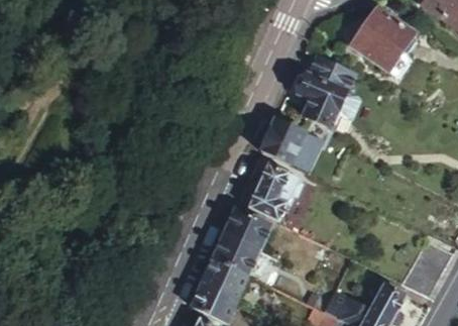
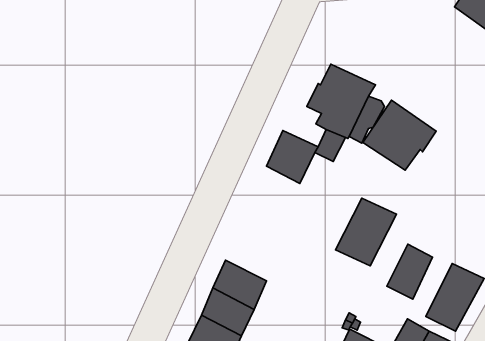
building: [350,11,415,73] -> [363,100,436,170]
building: [248,160,302,220] -> [336,198,396,266]
building: [224,206,271,249] -> none
building: none -> [387,244,433,299]

